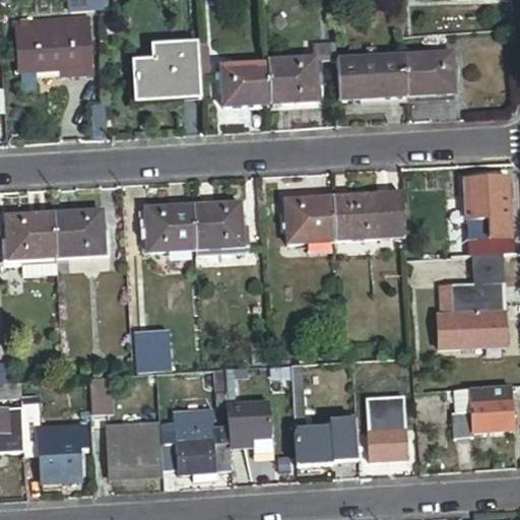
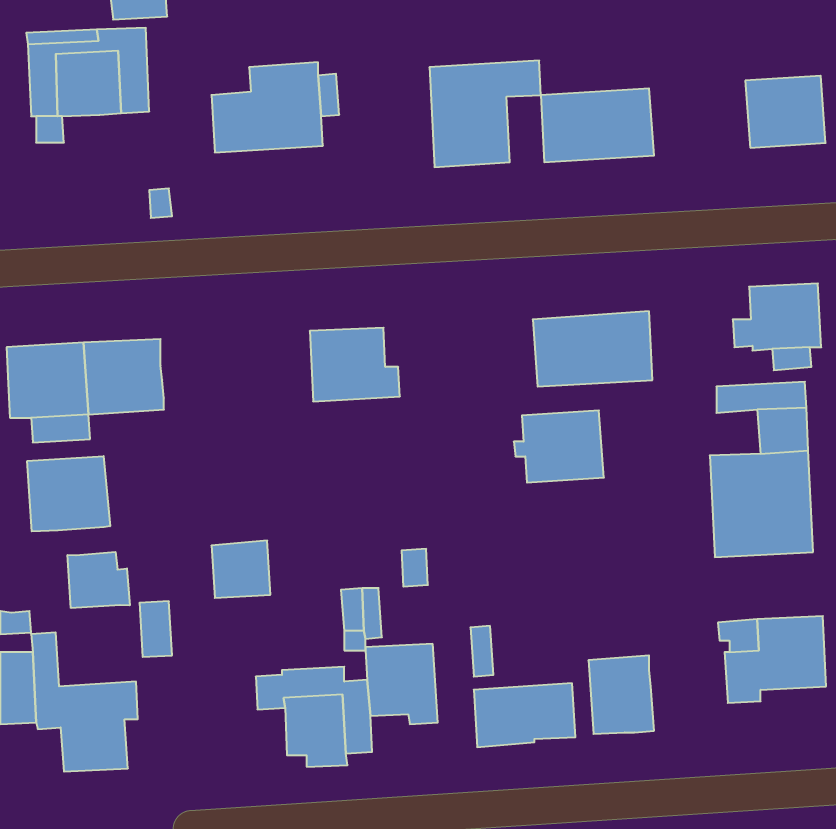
building: [403,52,453,96] -> [745,76,826,148]
building: [220,62,270,107] -> none
building: [278,198,334,243] -> [514,410,604,483]
building: [138,205,195,251] -> none
building: none -> [27,456,110,531]
building: none -> [68,552,130,608]
building: [106,419,159,474] -> none

